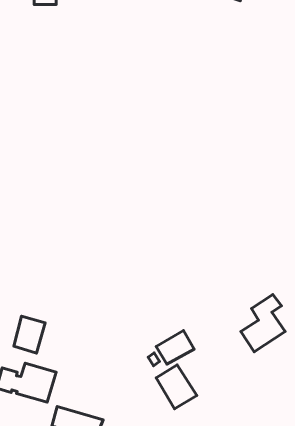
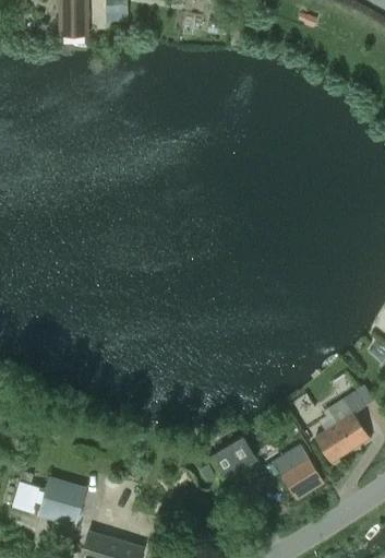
building: [14,316,45,353] -> none
building: [156,365,197,409] -> [273,444,323,499]

